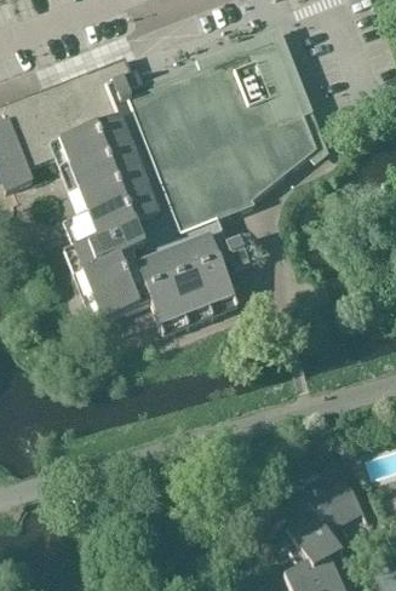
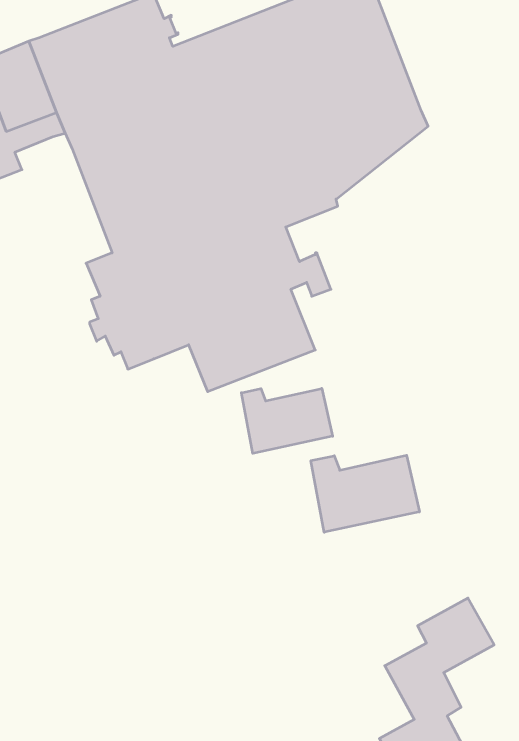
building: none -> [241,388,333,453]
building: none -> [311,455,419,532]

